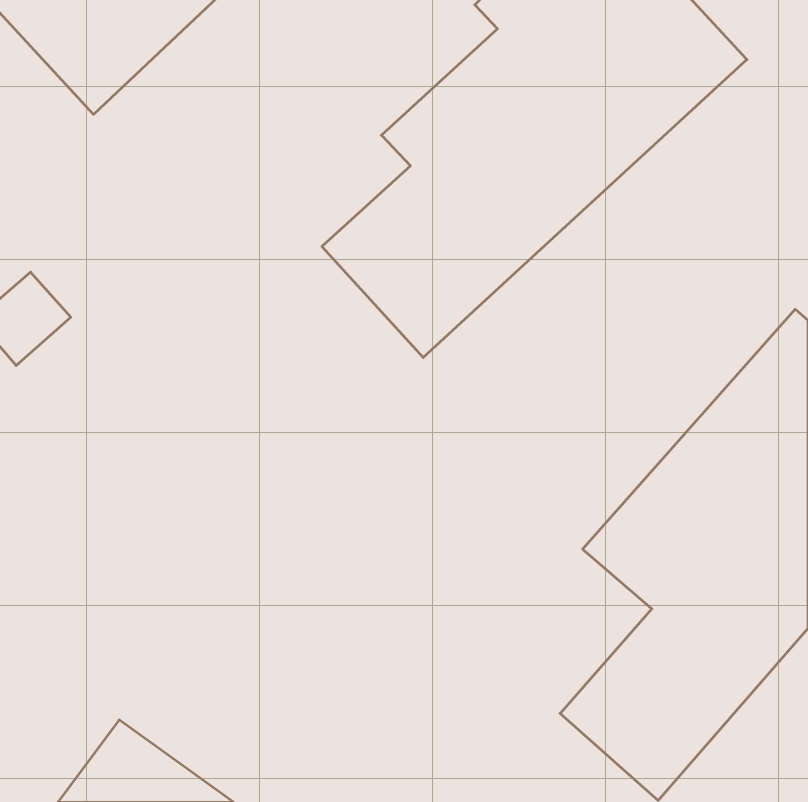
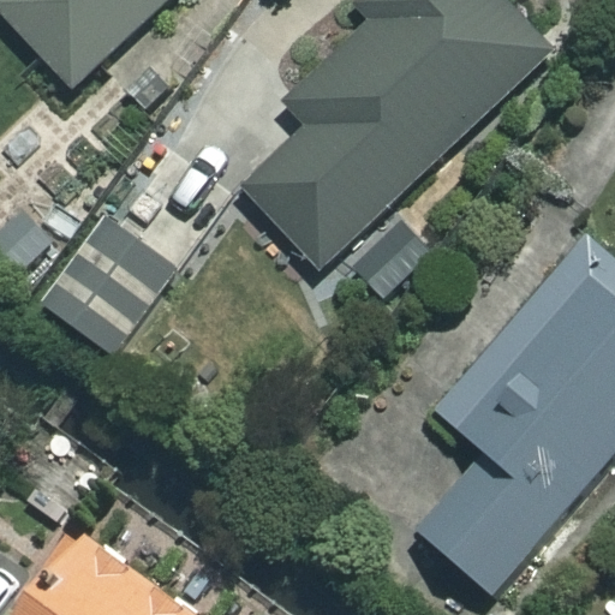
building: none -> [43,211,185,359]

